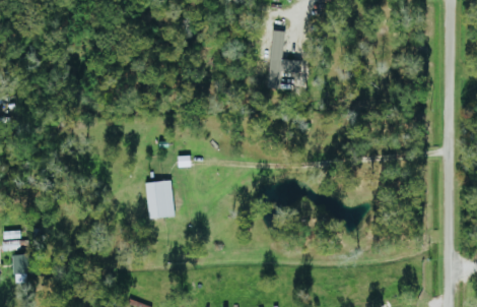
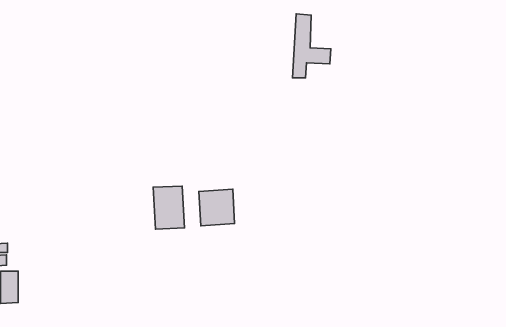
building: none -> [199,189,235,226]

